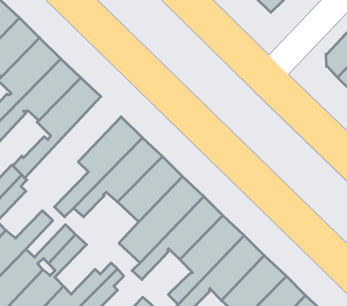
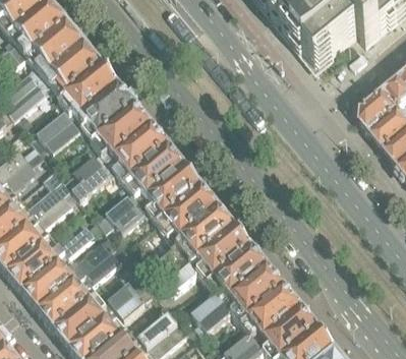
building: none -> [74,121,169,196]

